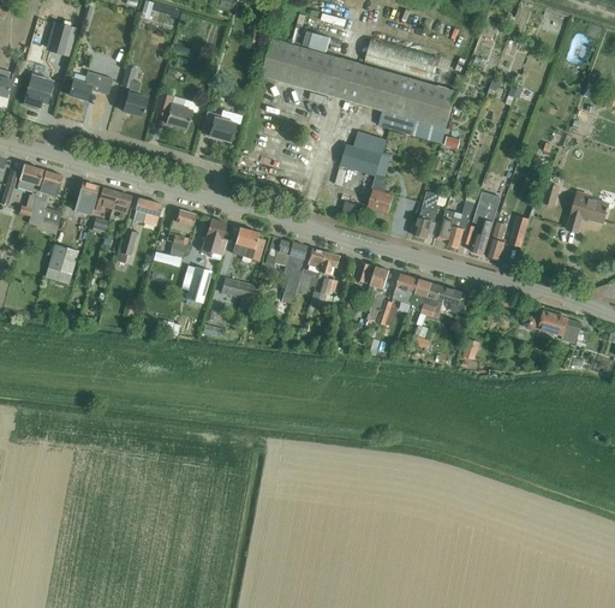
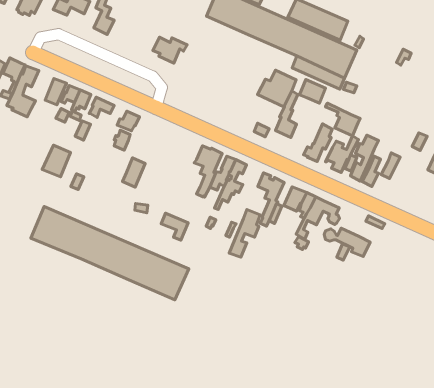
building: [154,91,198,129] -> none
building: none -> [299,80,326,103]
building: none -> [326,103,360,136]
building: [202,217,227,260] -> none
building: [232,227,264,261] -> none
building: [44,244,77,282] -> [42,145,71,177]
building: [220,278,253,309] -> [161,213,188,240]
building: none -> [229,210,260,257]
building: [524,311,583,342] -> [324,228,370,256]
building: none -> [31,207,189,300]

